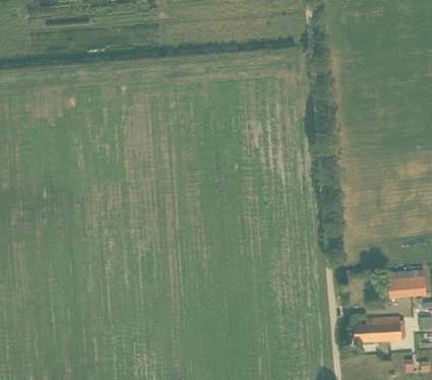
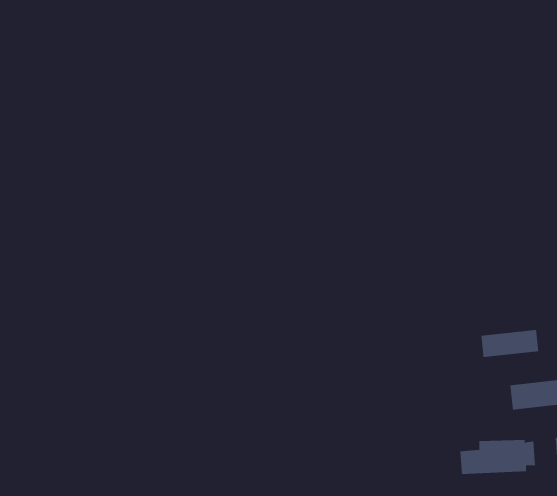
building: none -> [481,329,539,358]

